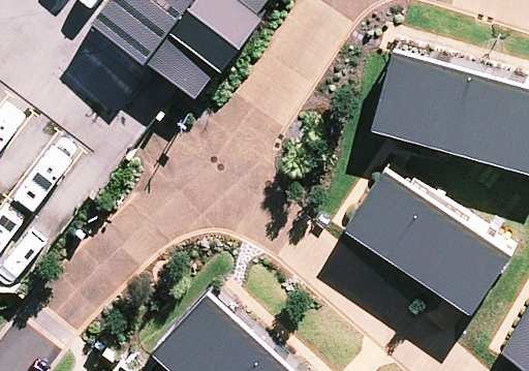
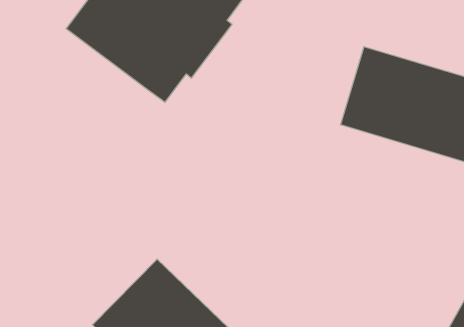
building: [323,151,492,301] -> none

